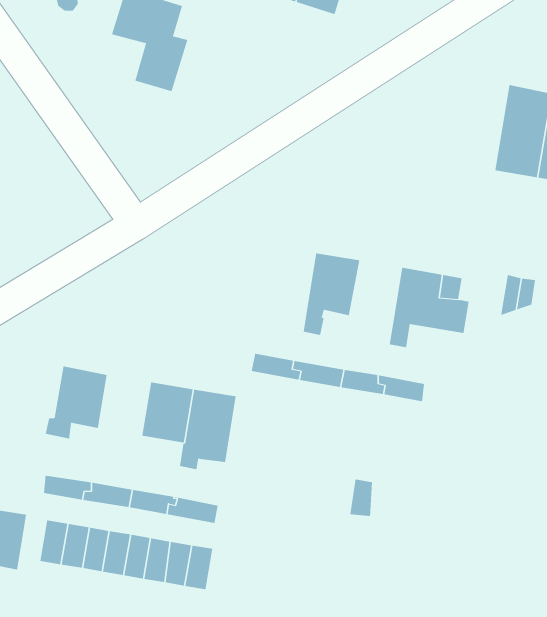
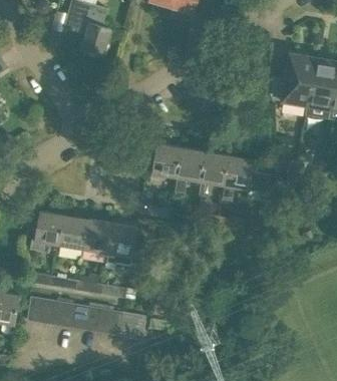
building: none -> [151,143,182,178]
building: none -> [199,151,230,197]
building: none -> [60,216,89,250]
building: none -> [120,313,146,340]

